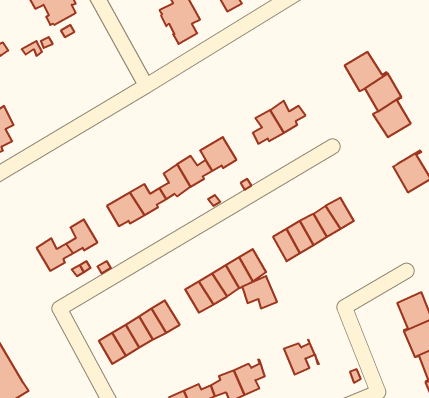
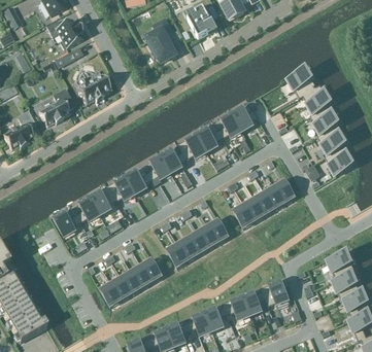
building: none -> [74,74,111,104]
building: none -> [39,87,71,125]
building: none -> [195,122,222,150]
building: none -> [317,122,345,153]
building: none -> [89,185,115,213]
building: [242,276,277,308] -> [223,294,249,319]
building: none -> [260,279,290,308]

